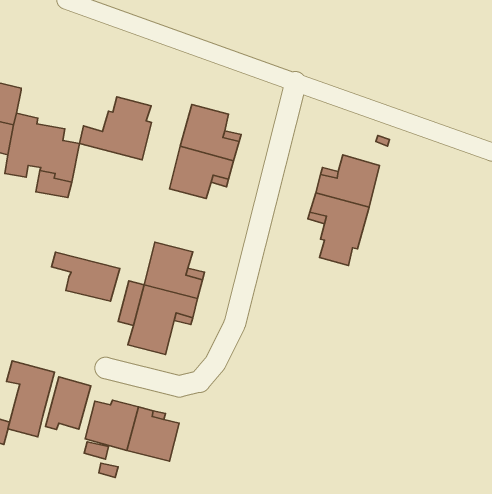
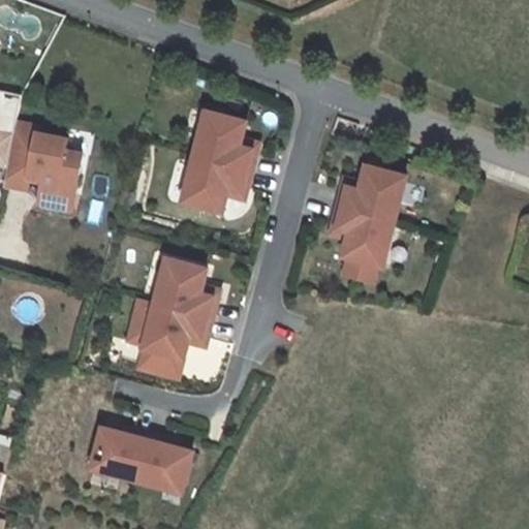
building: [79,97,152,160] -> none
building: [52,252,120,301] -> none
building: [7,361,54,437] -> none
building: [46,377,91,430] -> none

